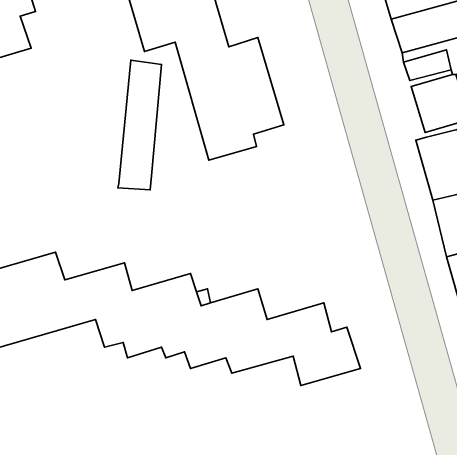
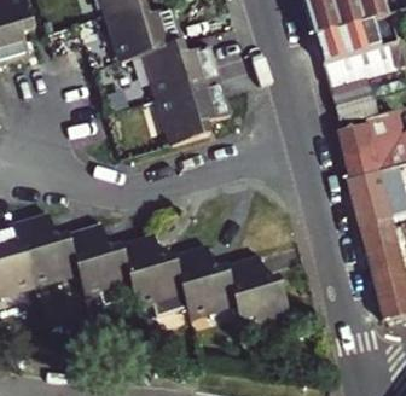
building: [118,60,162,190] -> none

